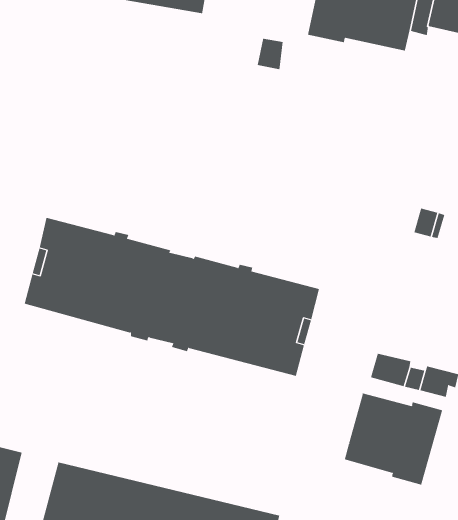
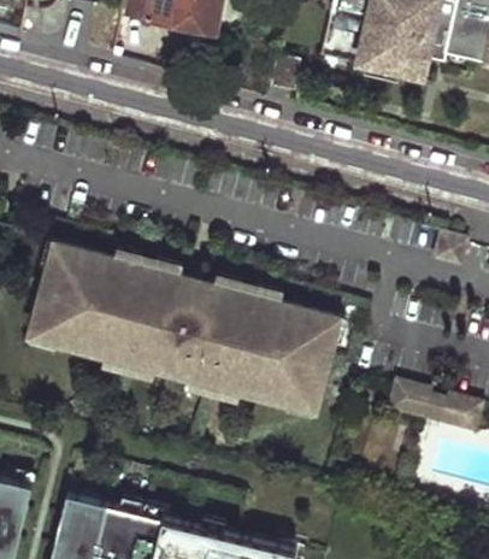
building: [344,392,443,486] -> none

